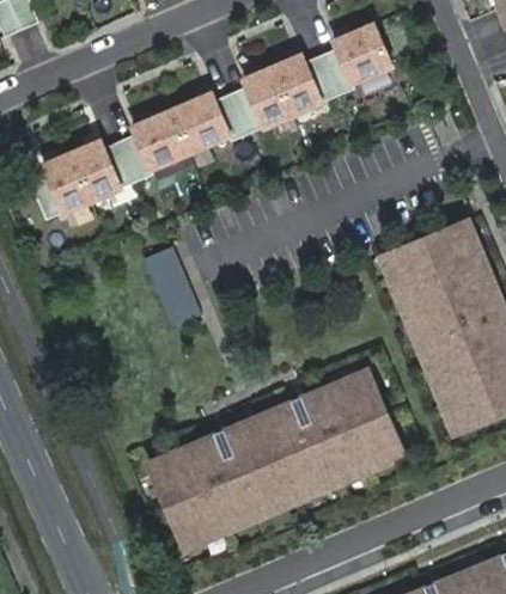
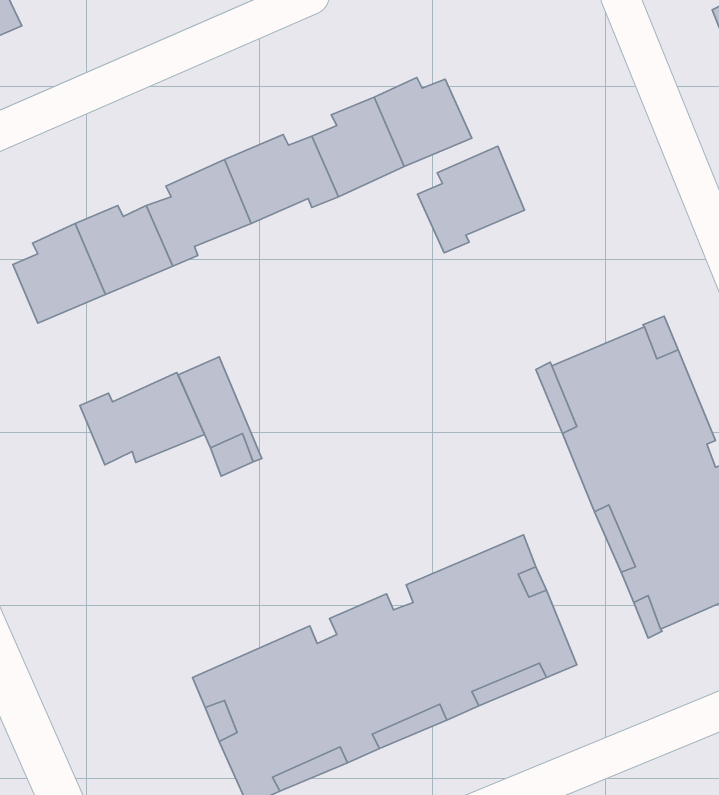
building: [321,25,392,97] -> [418,146,524,253]
building: none -> [80,373,204,465]

